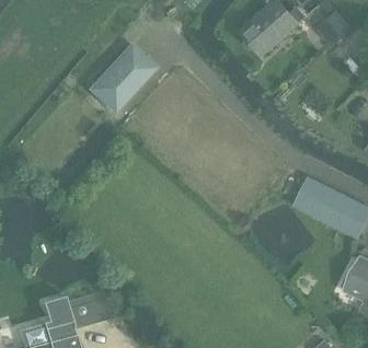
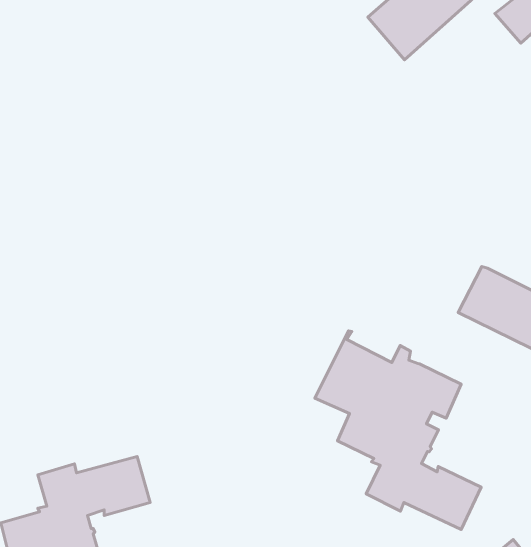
building: [88,43,157,114] -> none
building: none -> [315,331,481,529]

